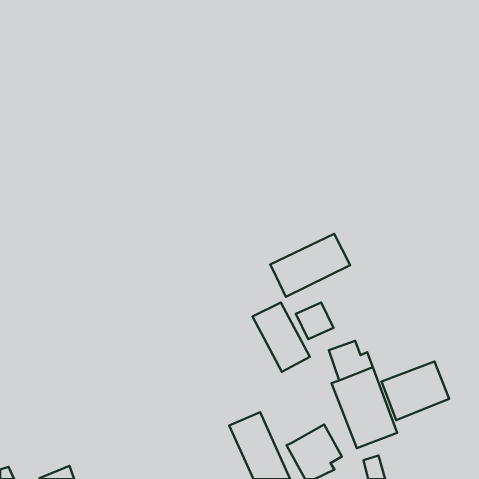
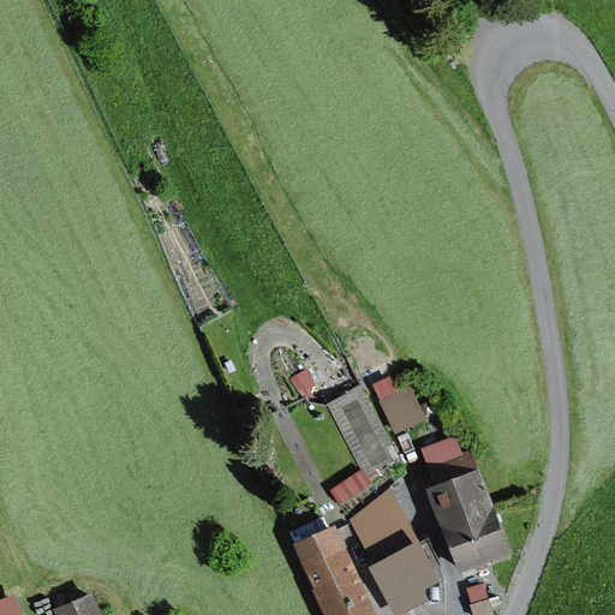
building: [270,234,350,297] -> none
building: [381,361,449,420] -> none
building: none -> [351,486,416,567]

